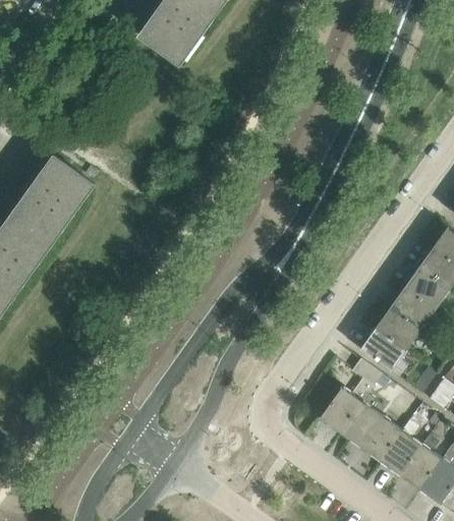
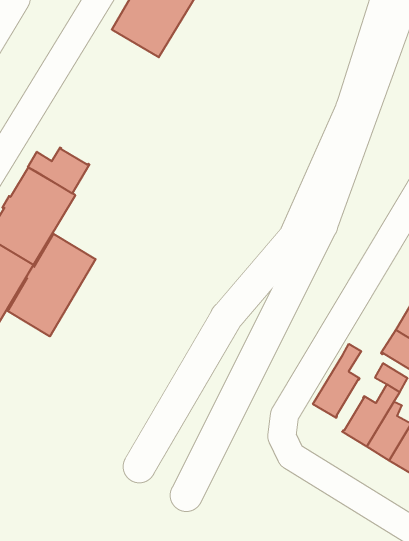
building: none -> [28,147,89,193]
building: none -> [8,234,96,336]
building: none -> [313,344,361,418]

